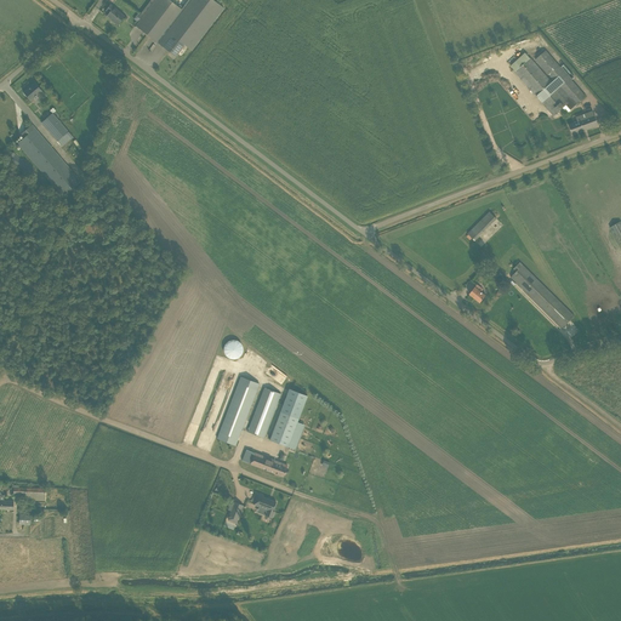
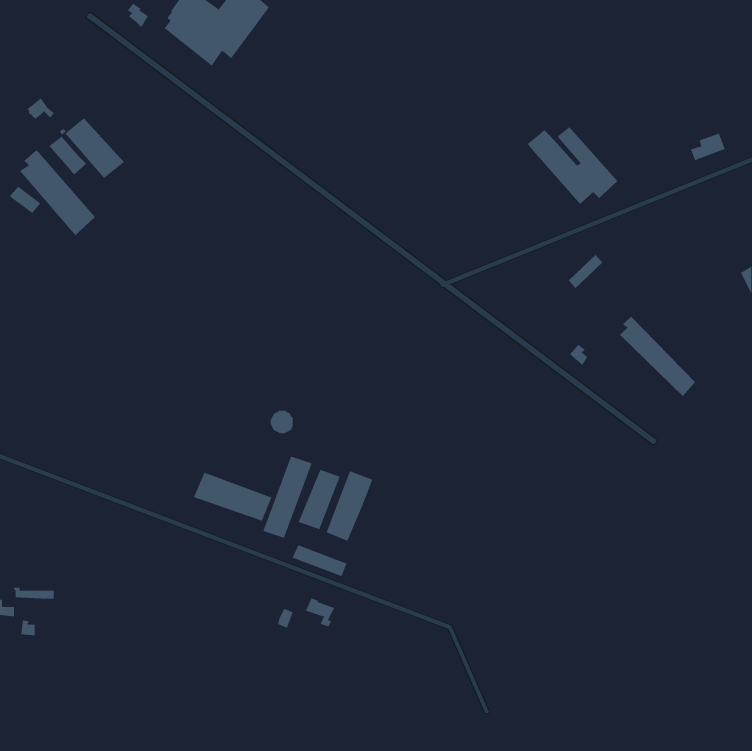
building: [509,49,585,113] -> [527,127,618,205]
building: none -> [65,117,125,179]
building: none -> [193,472,272,521]

